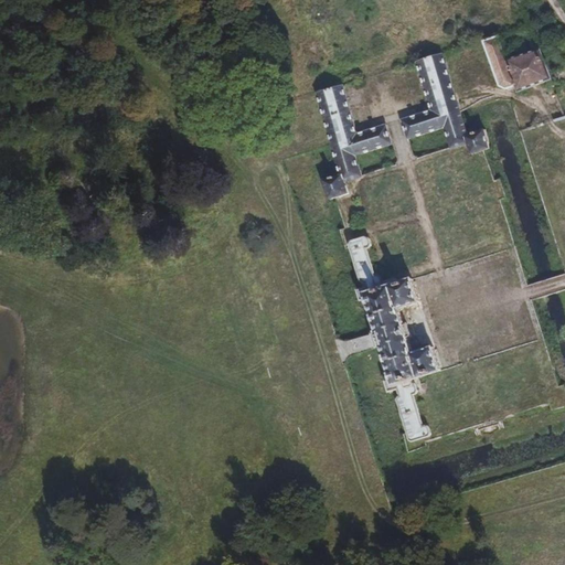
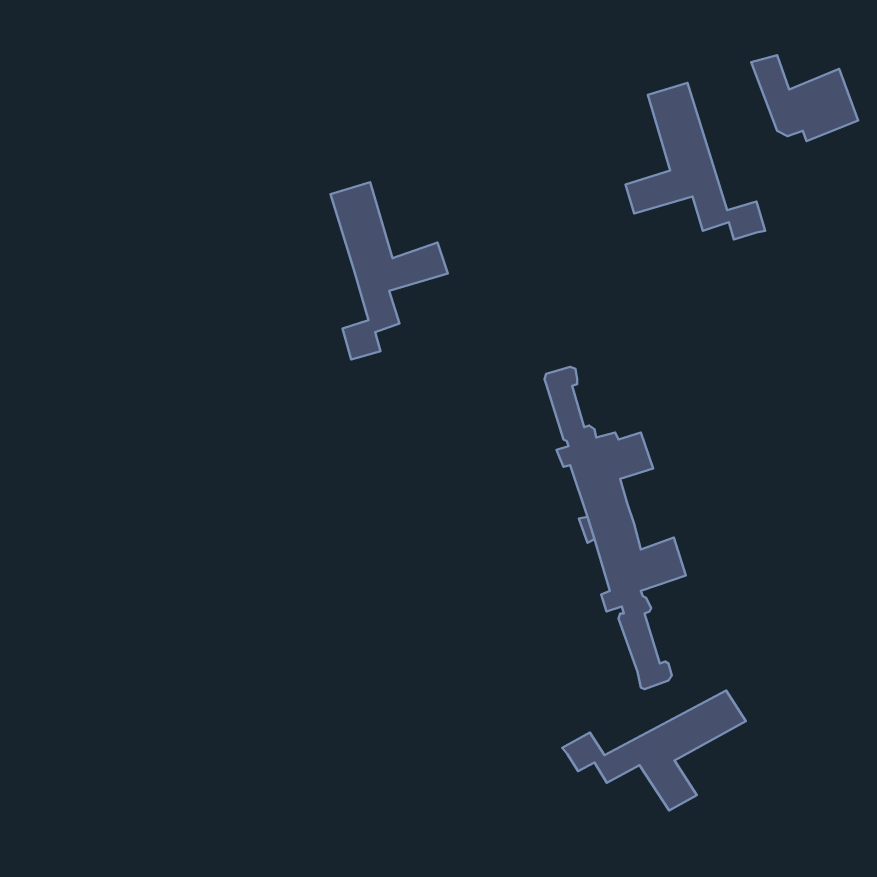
building: [316,84,391,198] -> [331,182,448,360]
building: none -> [562,691,746,810]

